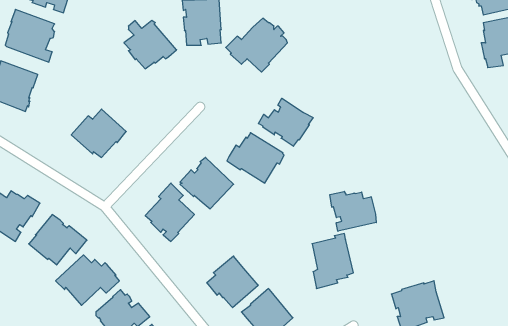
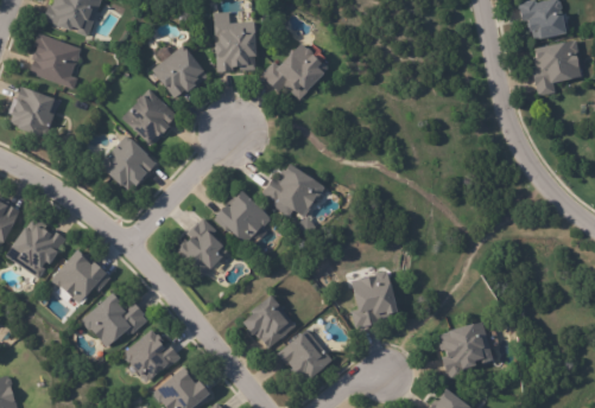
building: none -> [121,88,176,146]
building: [258,98,313,146] -> none
building: [330,191,376,231] -> none

